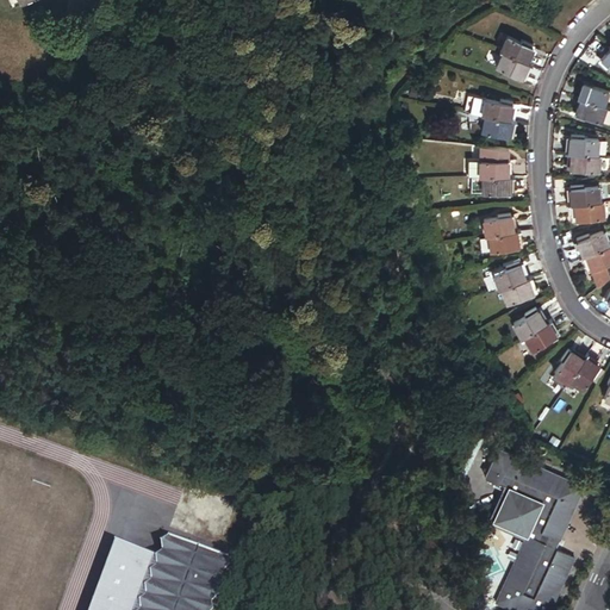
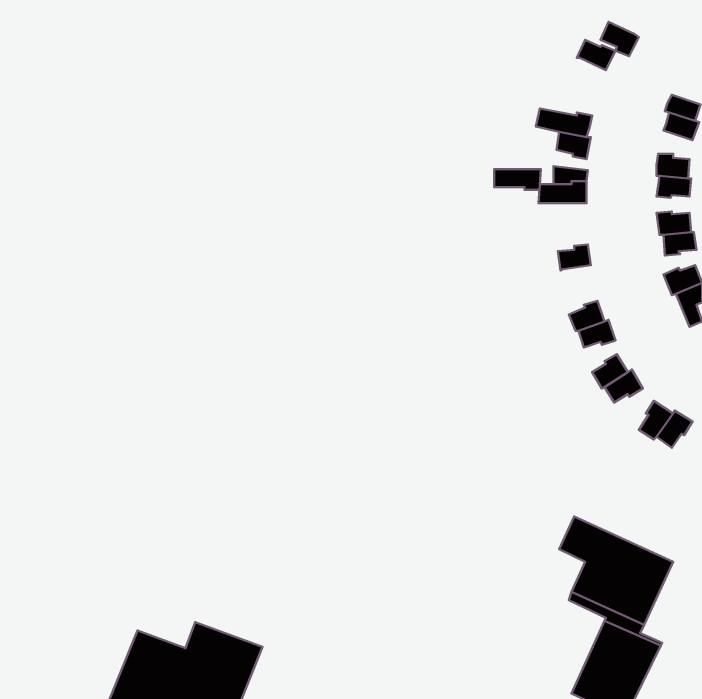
building: [496,52,529,82] -> [600,22,639,56]
building: [472,179,512,197] -> [494,169,541,190]
building: [488,232,519,253] -> none

